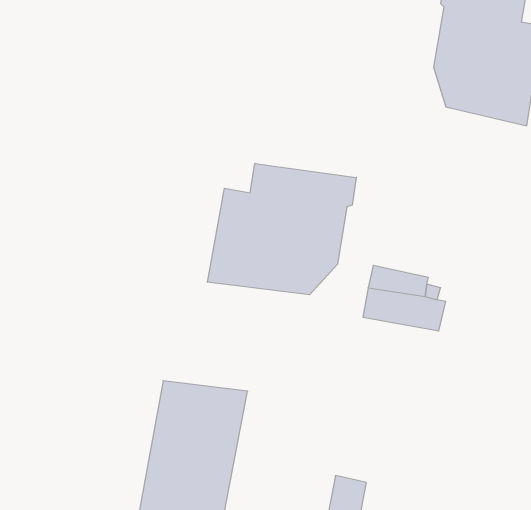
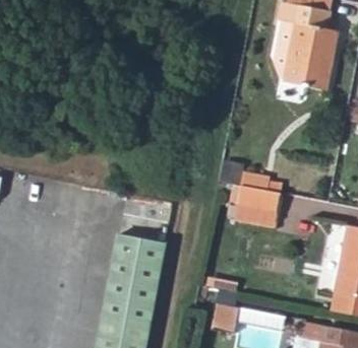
building: [207,163,356,295] -> none

